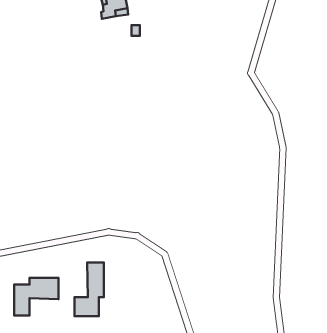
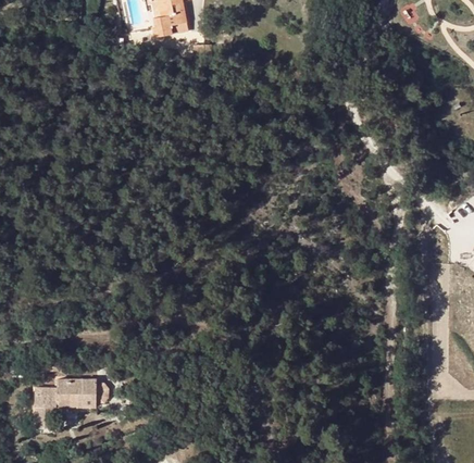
building: [75,263,104,316] -> none

